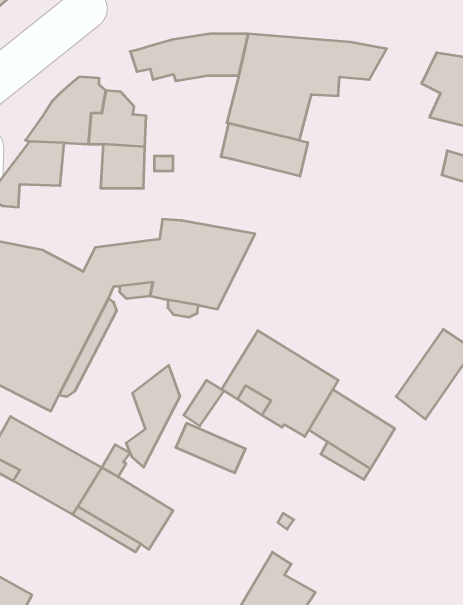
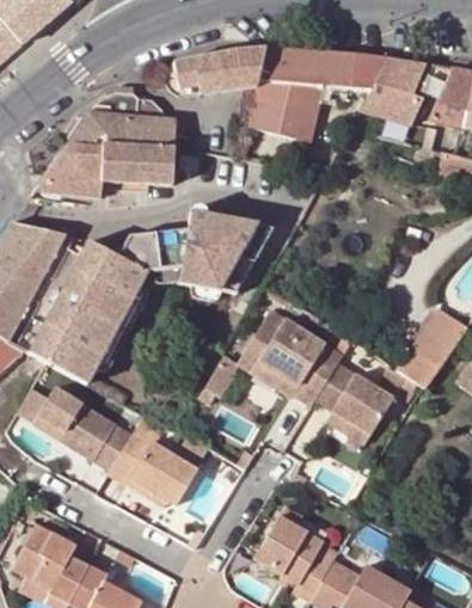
building: none -> [362,60,427,122]
building: [221,123,308,176] -> none
building: none -> [99,143,137,184]
building: [126,365,180,467] -> none

